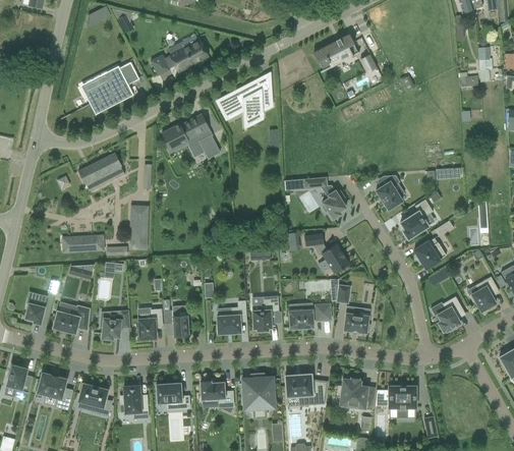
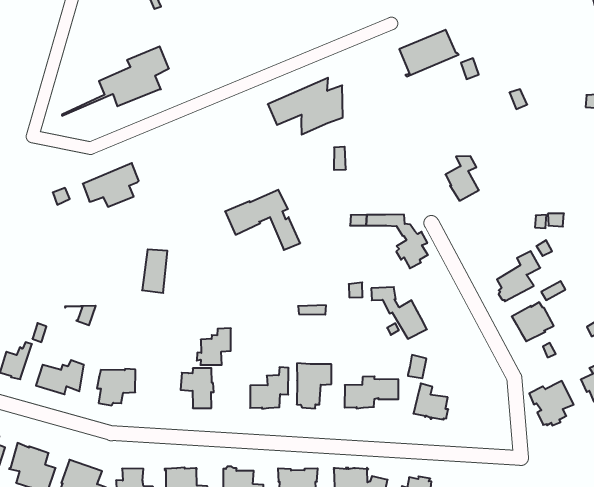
building: [151,40,209,75] -> none
building: [161,114,220,160] -> [225,190,300,250]
building: [376,175,402,210] -> [445,156,479,201]
building: [61,235,104,252] -> none
building: [136,309,162,339] -> [197,328,231,365]

